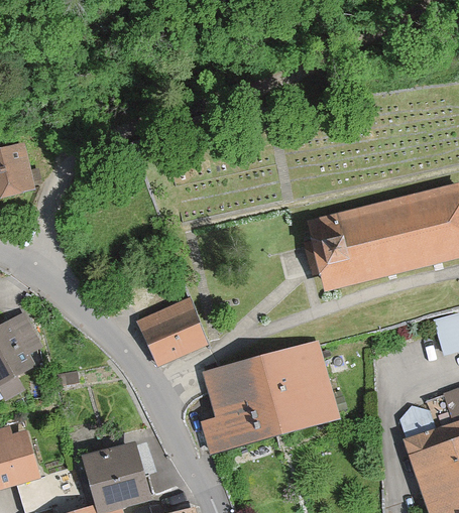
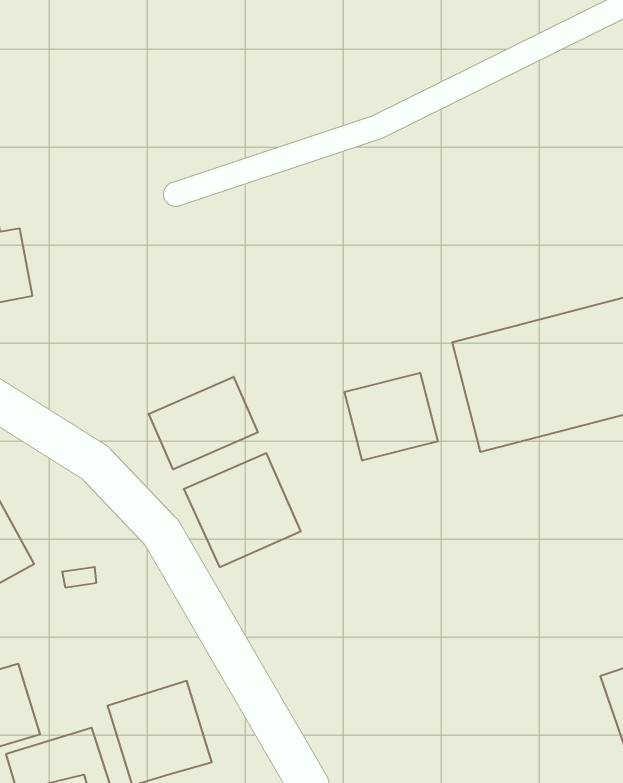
building: none -> [345,373,438,461]
building: none -> [149,377,258,469]
building: [200,340,337,454] -> none

